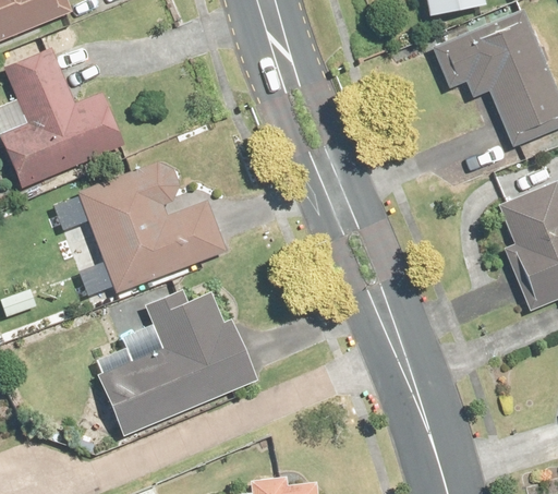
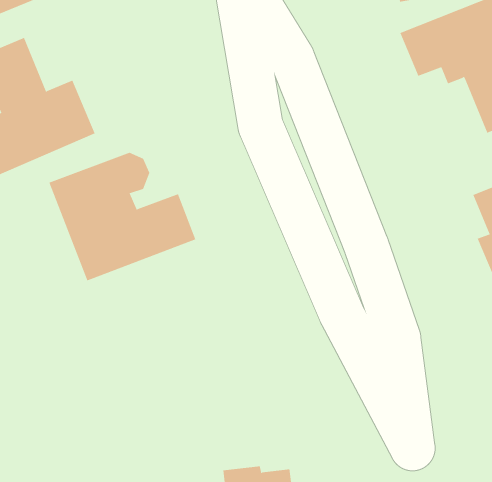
building: [97,293,255,434] -> none

